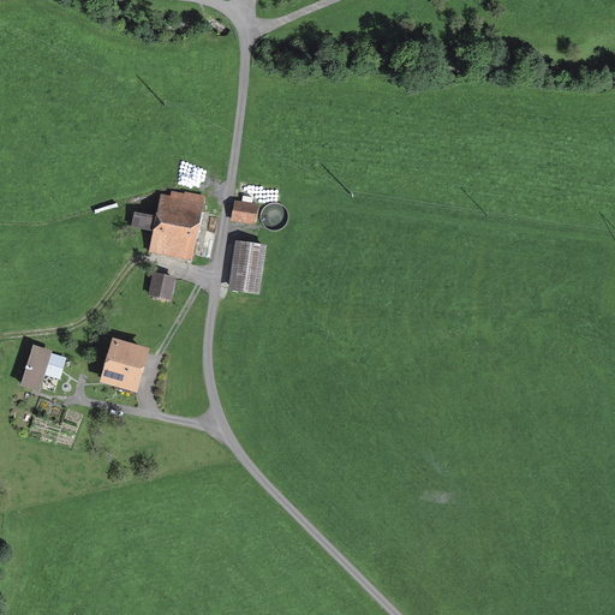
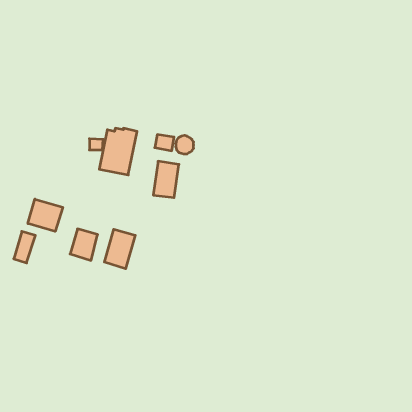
building: [149,273,177,299] -> none
building: none -> [28,199,63,231]
building: none -> [104,229,135,269]

